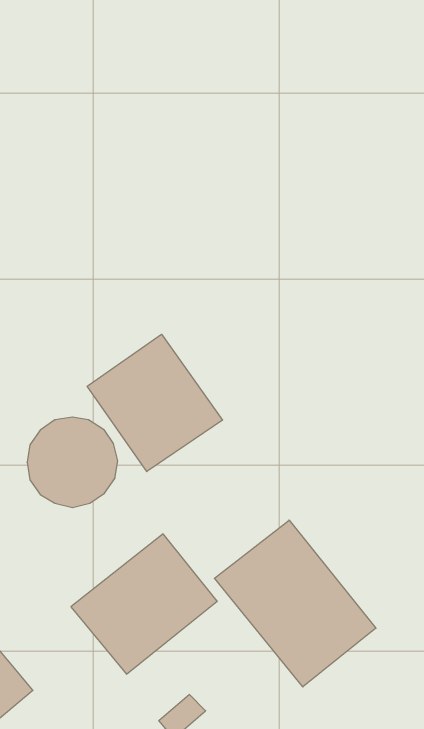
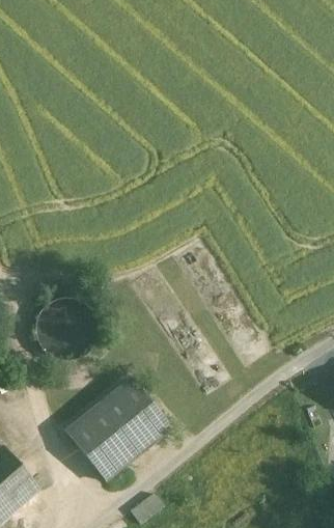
building: [87,334,223,472] -> none
building: [214,520,376,687] -> none

